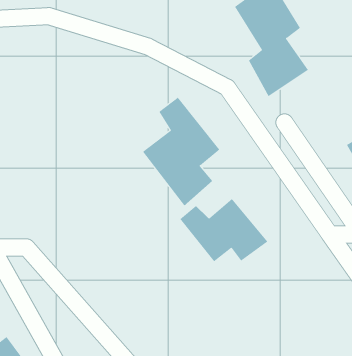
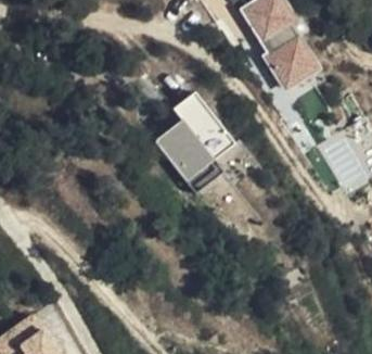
building: [179,198,268,262] -> none

